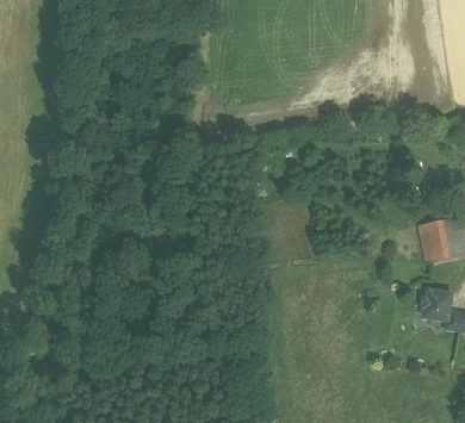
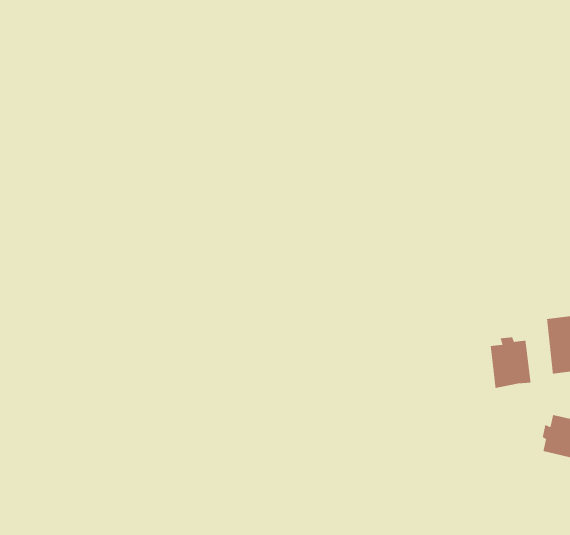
building: none -> [490,337,531,389]

